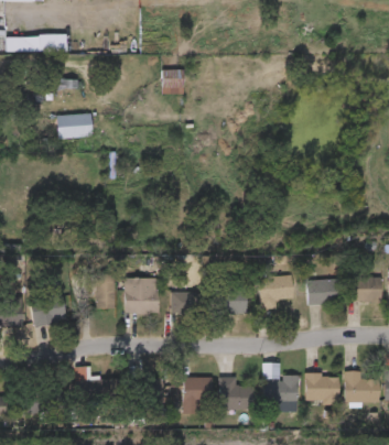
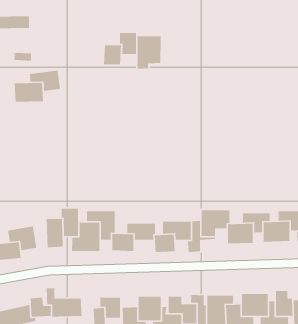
building: none -> [137,36,161,69]

